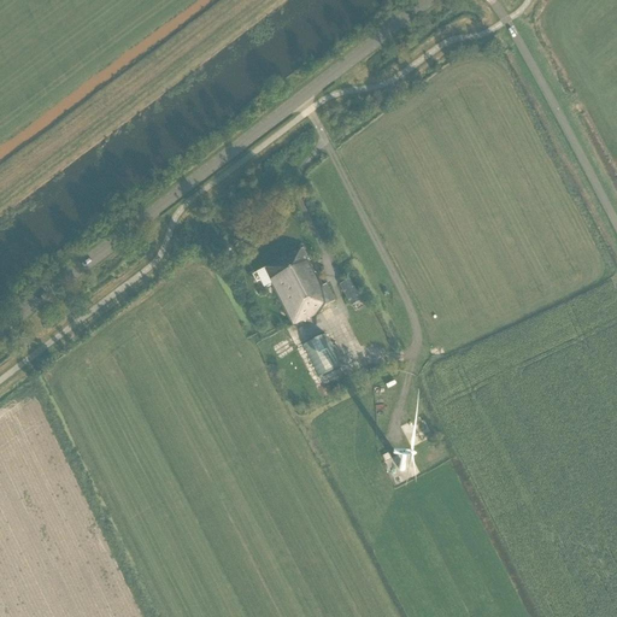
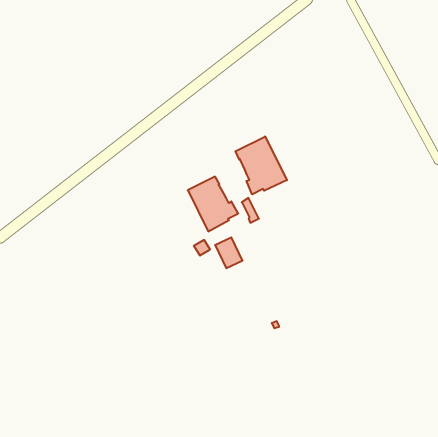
building: none -> [236,136,287,194]

